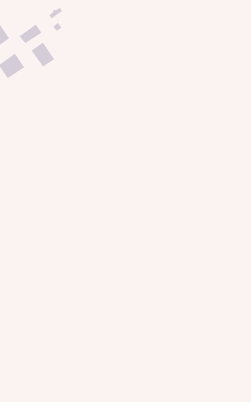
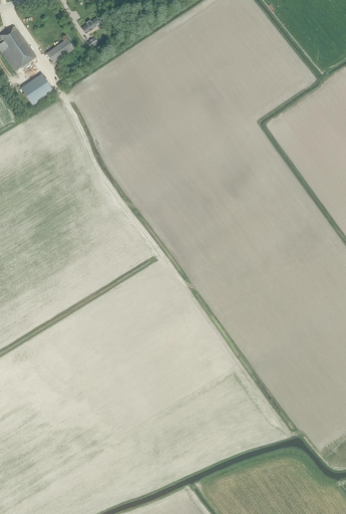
building: [30,42,55,68] -> none

